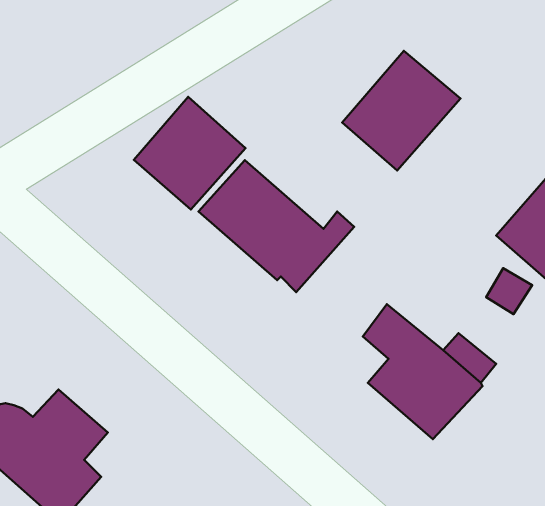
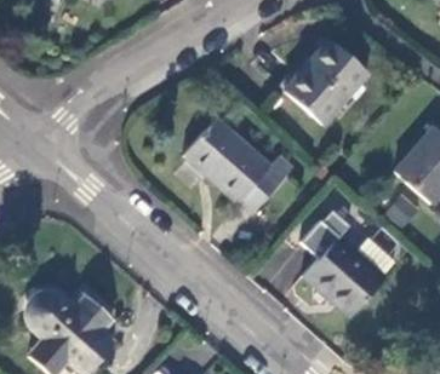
building: [134,97,246,209] -> none

